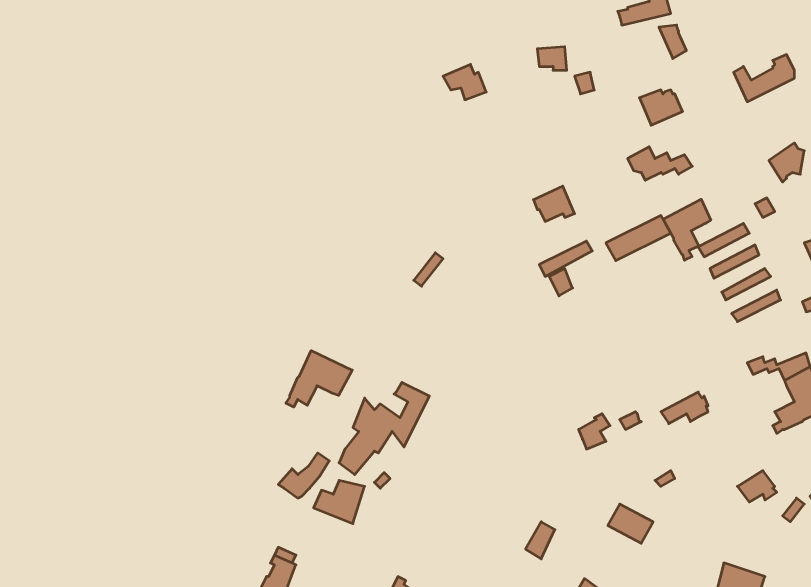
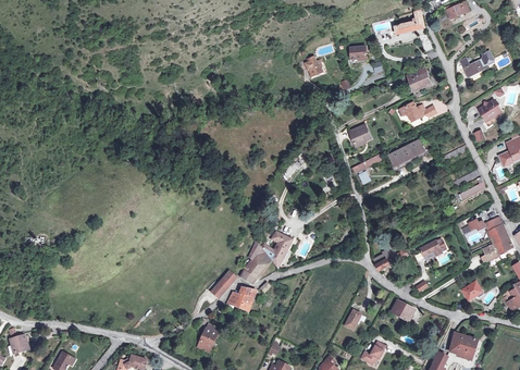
building: [663,199,711,260] -> none
building: [286,351,352,407] -> none

